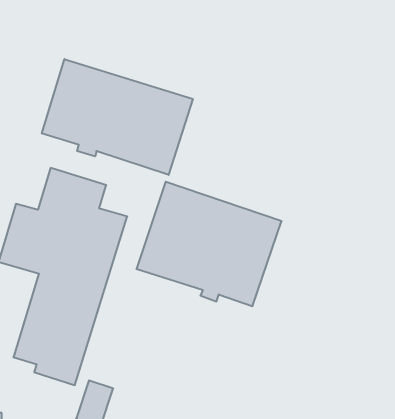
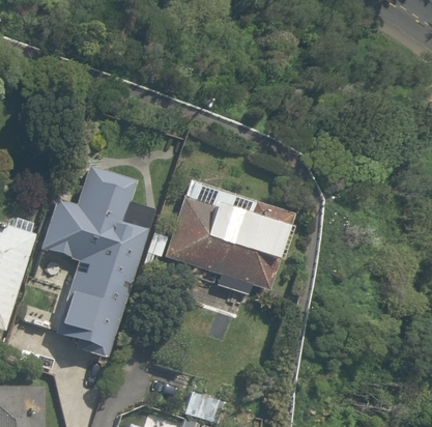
building: [42,59,193,175] -> none

